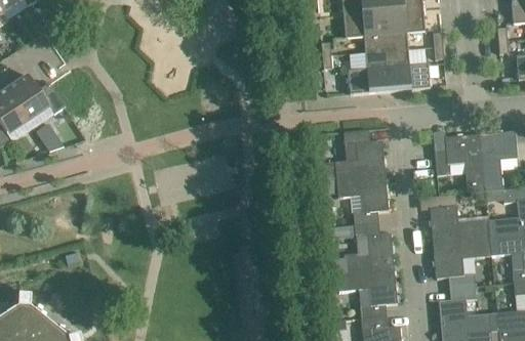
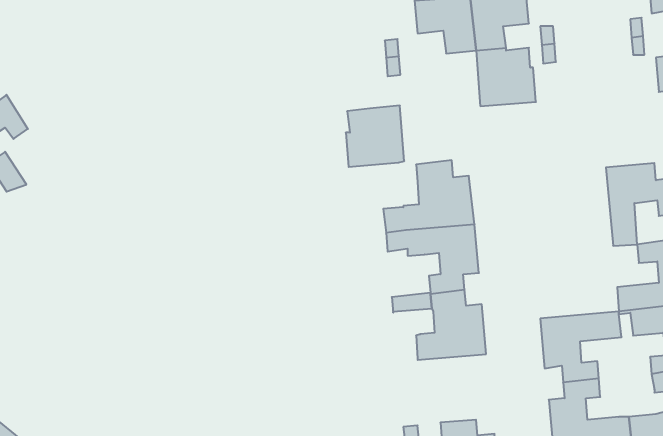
building: [348,49,390,93] -> [346,106,404,167]
building: [435,133,485,191] -> none
building: [430,194,489,242] -> none
building: [337,267,398,316] -> none

